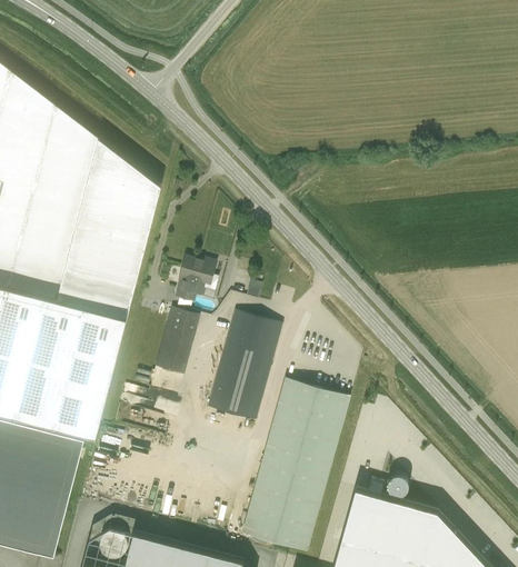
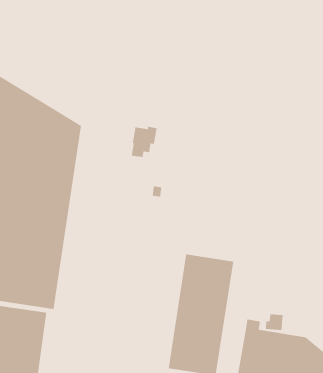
building: [175,259,216,304] -> [131,126,158,158]
building: [153,310,198,377] -> none
building: [207,314,280,422] -> none

